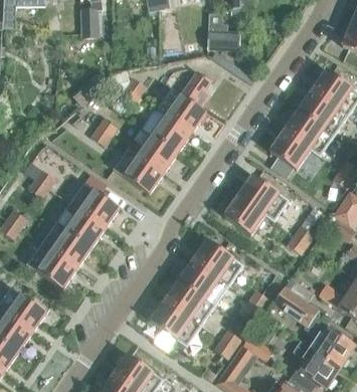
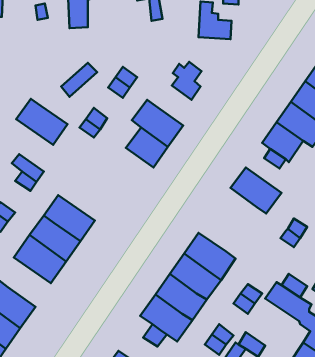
building: [157,86,207,133] -> none
building: [113,148,163,193] -> none
building: [69,181,120,226] -> [16,99,68,145]
building: [224,194,264,233] -> none

